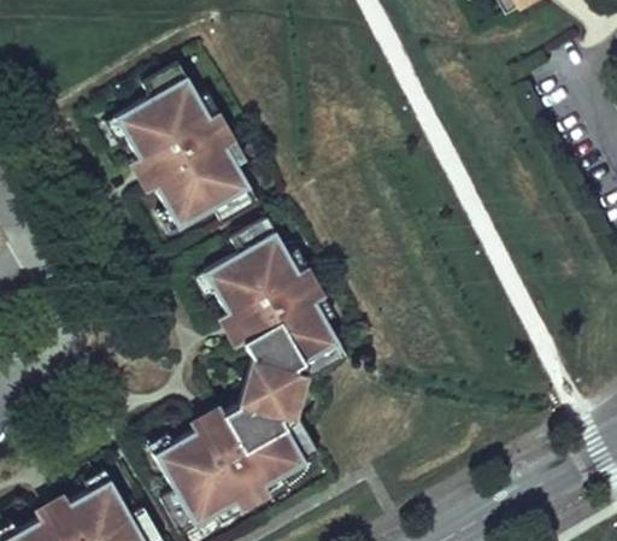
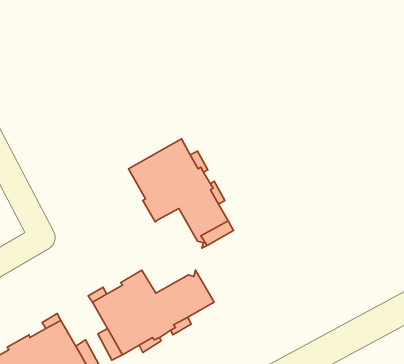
building: [113,76,249,229] -> none
building: [240,359,305,419] -> none

